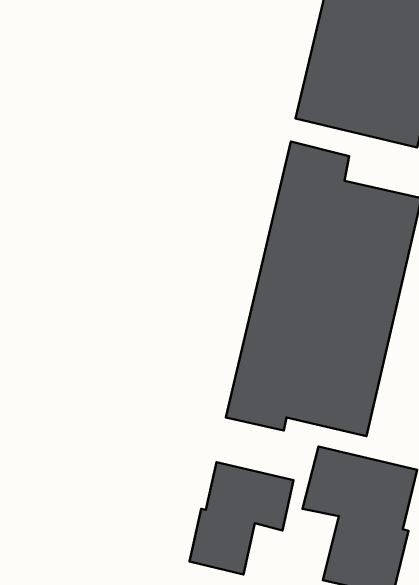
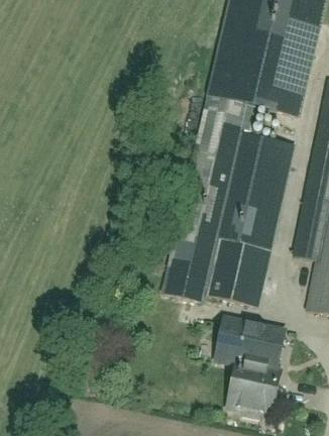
building: [189,462,293,575] -> none

